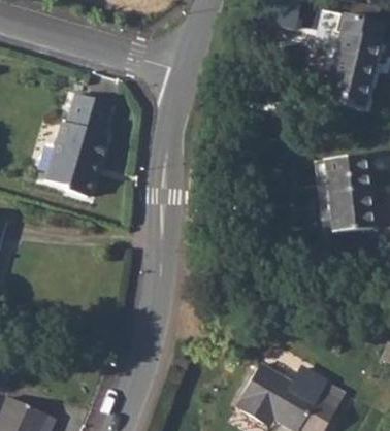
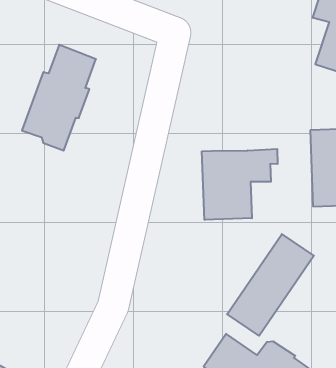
building: none -> [202,149,278,220]
building: none -> [227,234,314,336]

